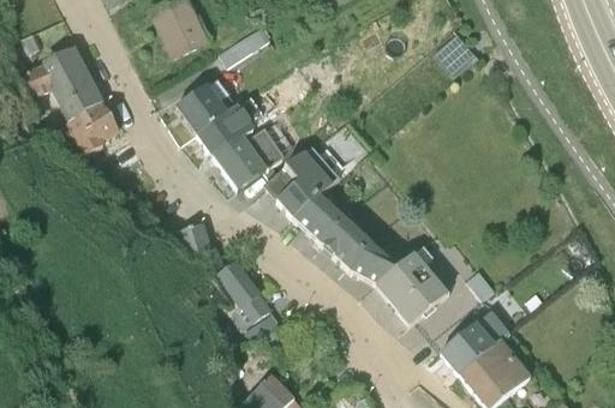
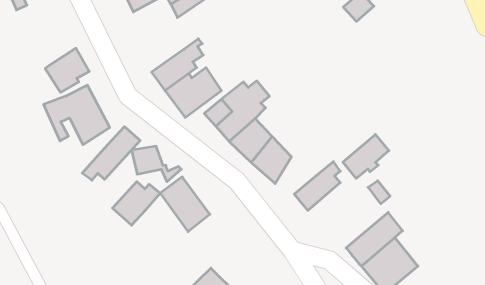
building: [18,50,101,125] -> [44,85,110,145]
building: [177,78,237,133] -> none
building: none -> [82,127,140,180]
building: [351,239,398,286] -> none
building: none -> [112,182,160,225]
building: [392,271,449,326] -> [343,134,389,178]

